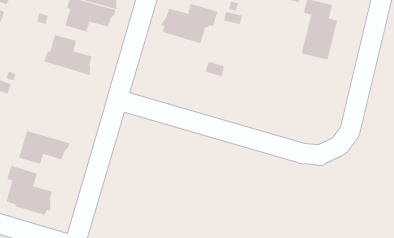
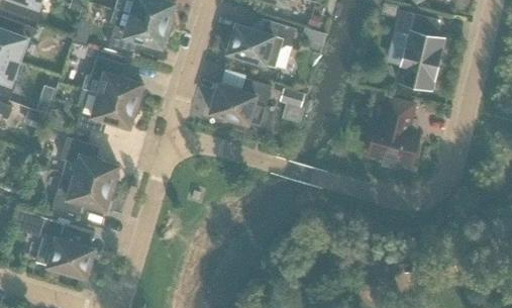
building: none -> [209,78,272,124]
building: none -> [76,90,139,133]
building: none -> [368,97,420,170]
building: none -> [61,137,118,189]

